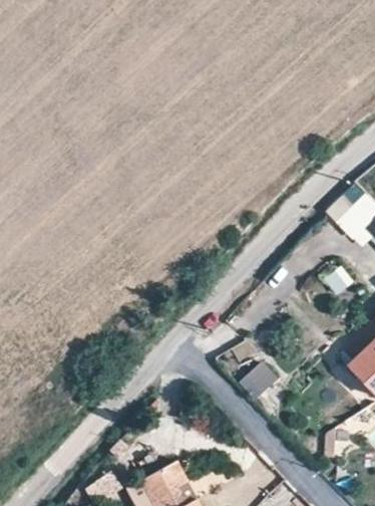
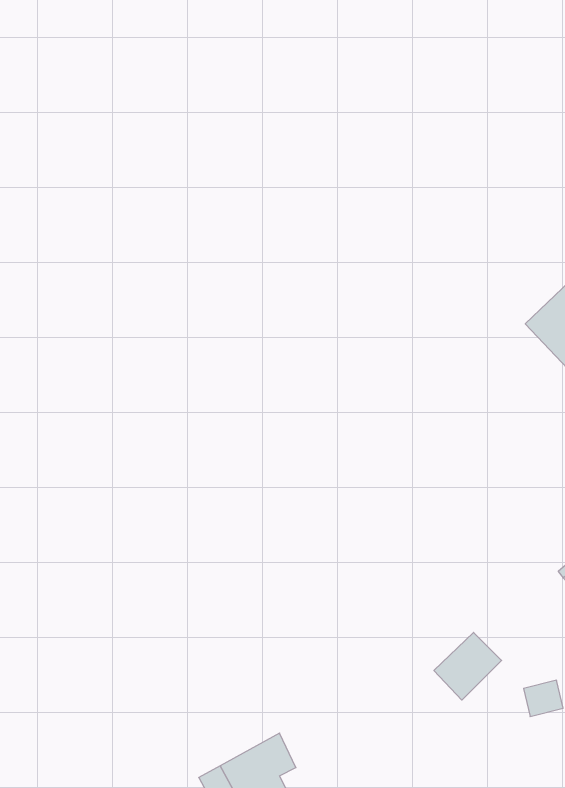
building: [240,360,281,402] -> [434,632,502,700]

